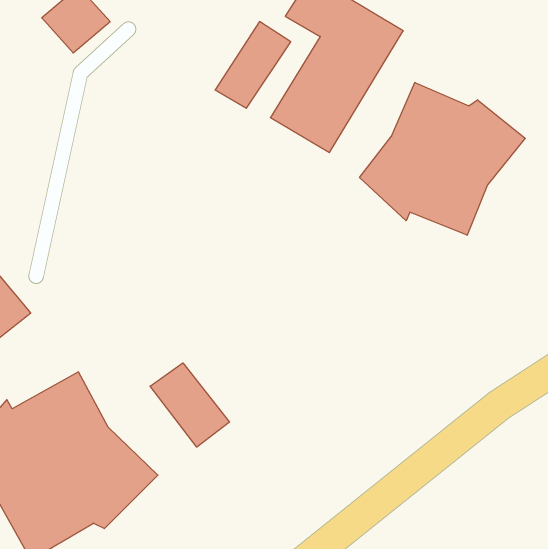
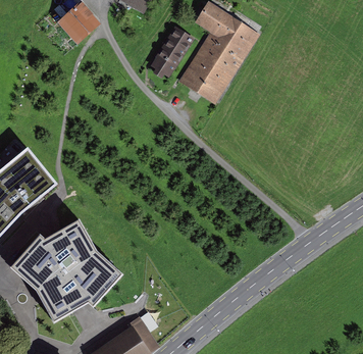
building: [360,82,525,235] -> none
building: [150,363,230,447] -> none

